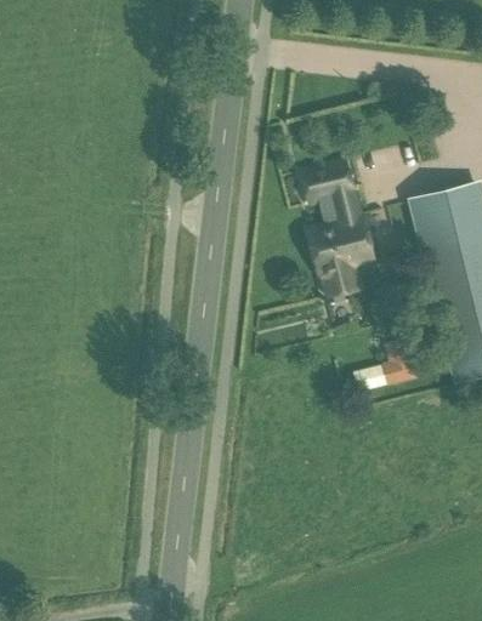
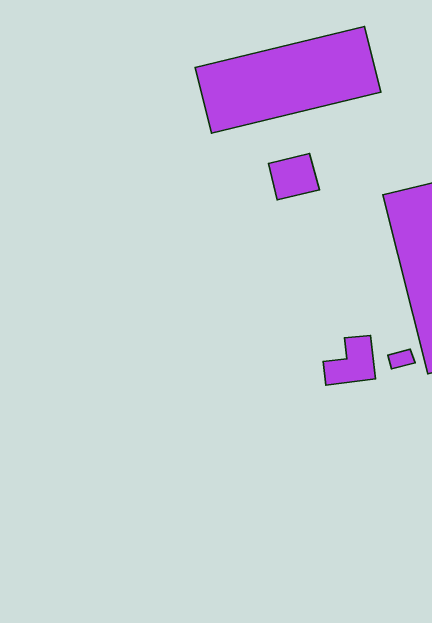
building: none -> [195,26,381,133]
building: [313,216,378,297] -> none

